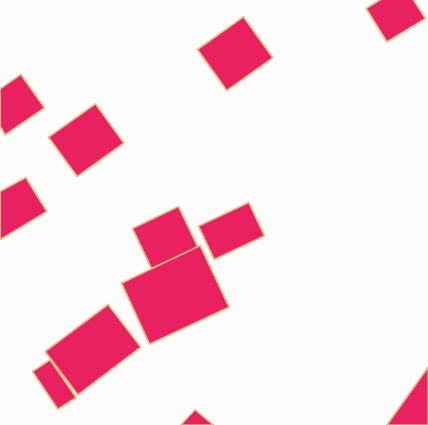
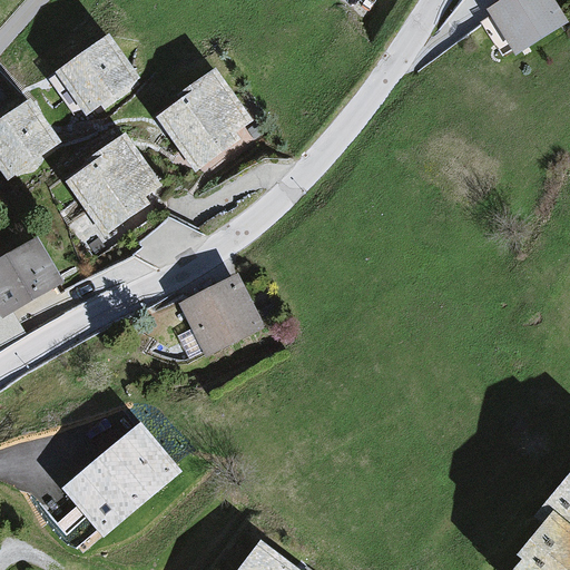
building: [197,17,273,91] -> [155,75,255,173]
building: none -> [53,33,139,115]
building: [199,202,264,260] -> none
building: [121,246,229,344] -> none

